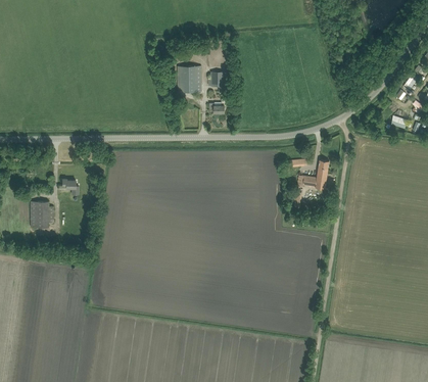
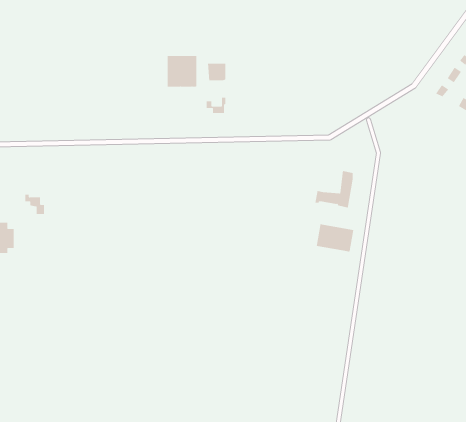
building: none -> [316,223,354,252]

